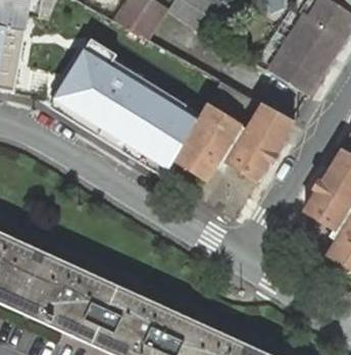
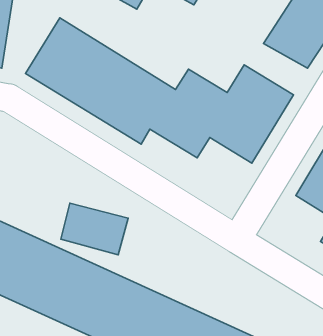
building: none -> [61,203,128,255]

